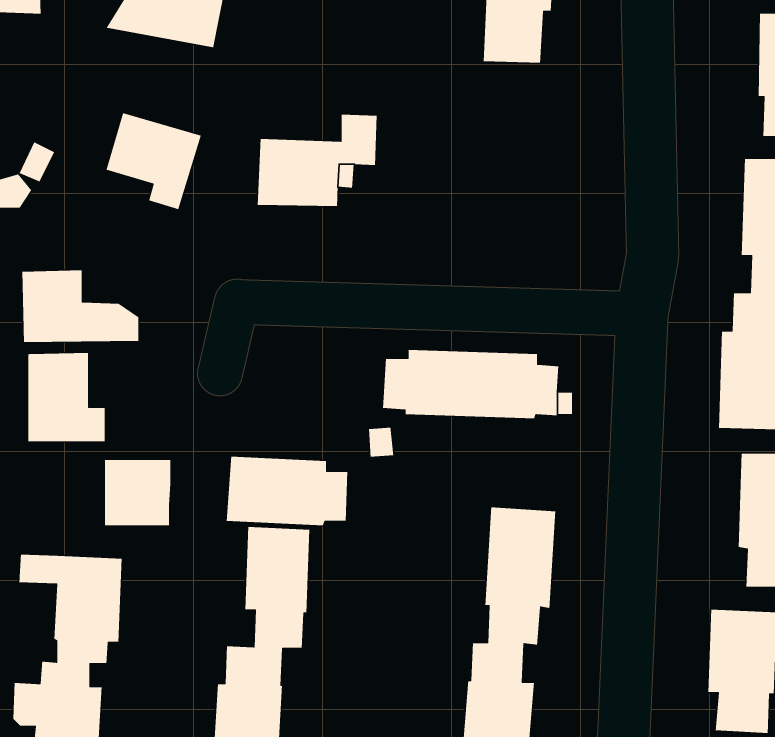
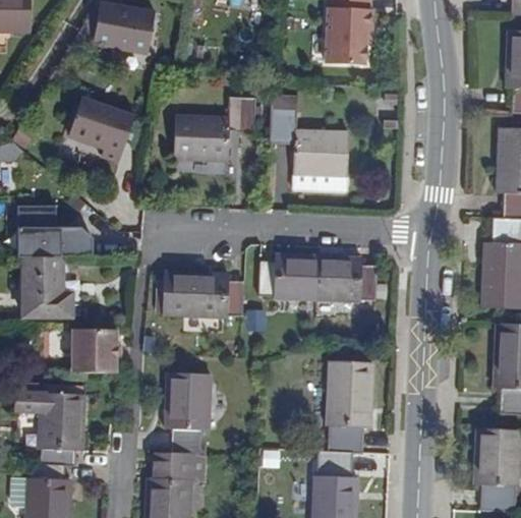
building: none -> [269,96,348,192]
building: [226,456,348,526] -> [161,272,242,319]

